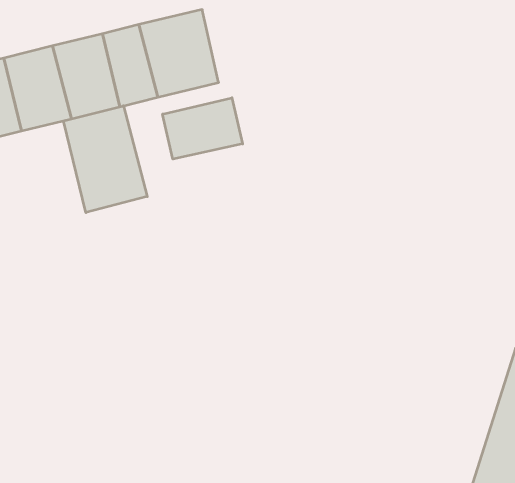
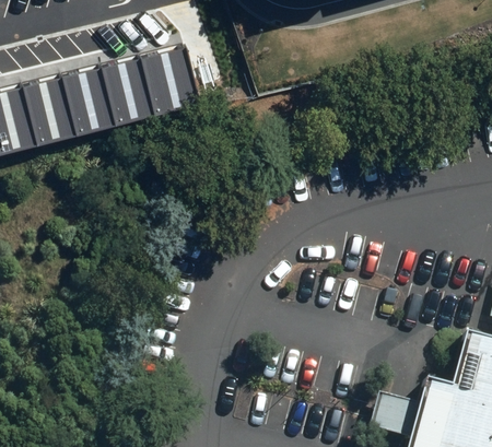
building: [163,98,243,159] -> none
building: [64,106,147,213] -> none

